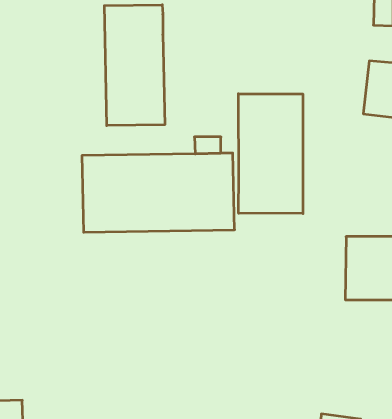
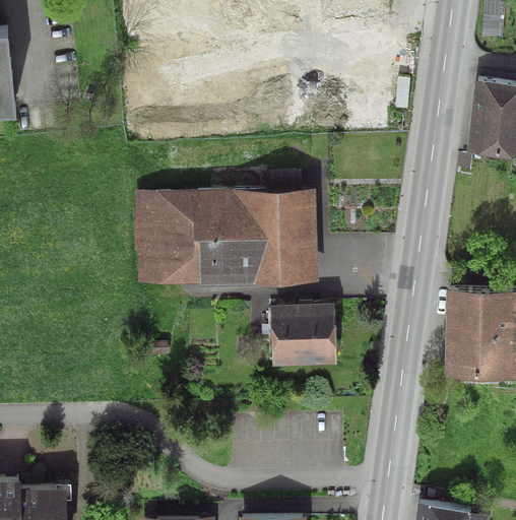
building: [104,5,165,126] -> none
building: [238,94,303,214] -> none
building: none -> [270,306,337,369]

